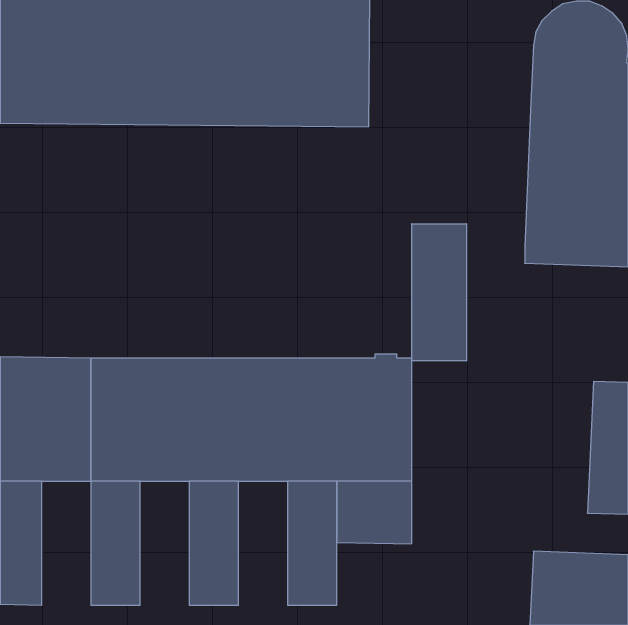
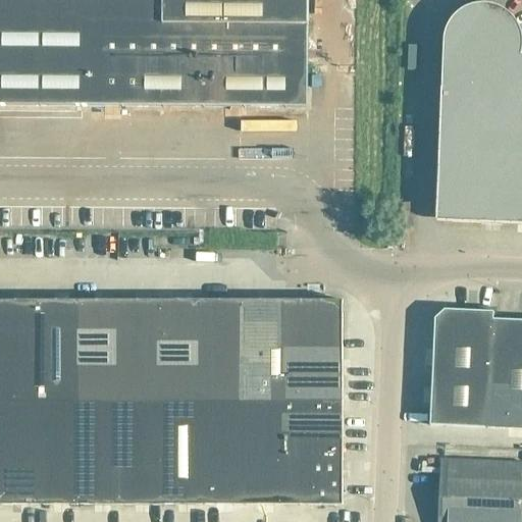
building: [412,224,467,361] -> none
building: none -> [428,307,492,425]
building: none -> [35,399,75,502]
building: none -> [116,399,157,502]
building: none -> [198,399,239,502]
building: none -> [279,450,342,502]

